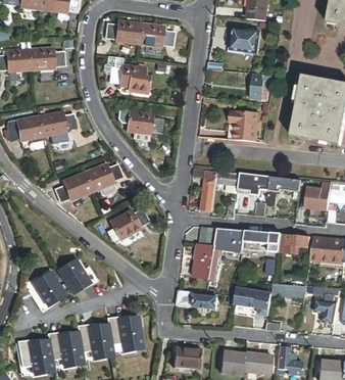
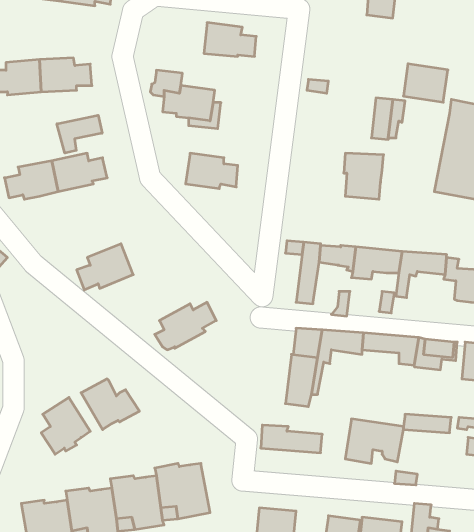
building: [105,20,141,44] -> none
building: [231,28,260,53] -> [403,64,448,102]
building: none -> [57,115,102,153]
building: [84,162,121,195] -> none

